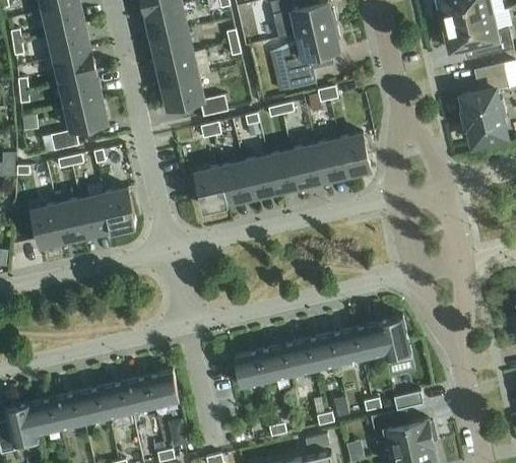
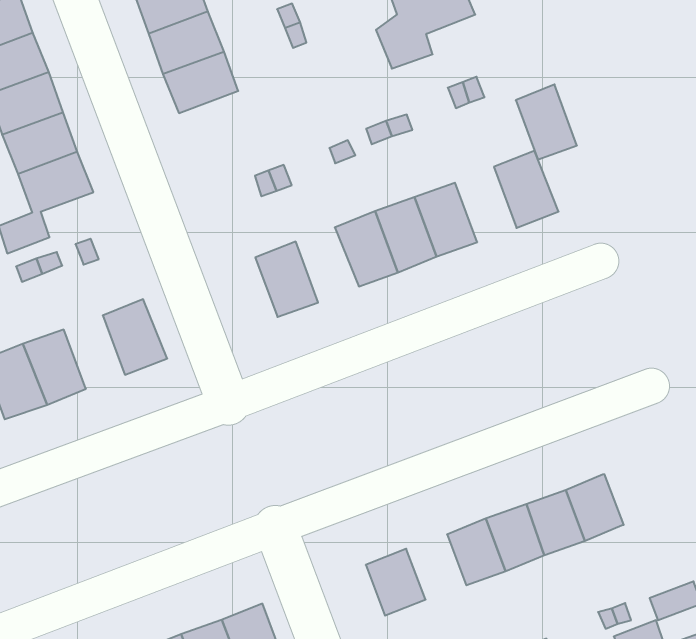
building: [162,77,228,118] -> none
building: [314,140,345,182] -> [516,84,577,160]
building: [218,162,251,204] -> none
building: [79,195,111,236] -> none
building: [376,317,411,366] -> none
building: [258,346,289,382] -> none

